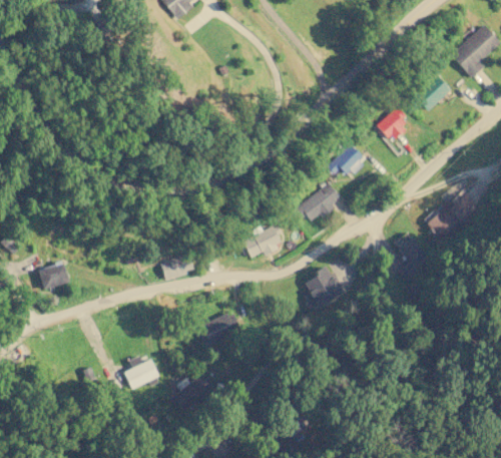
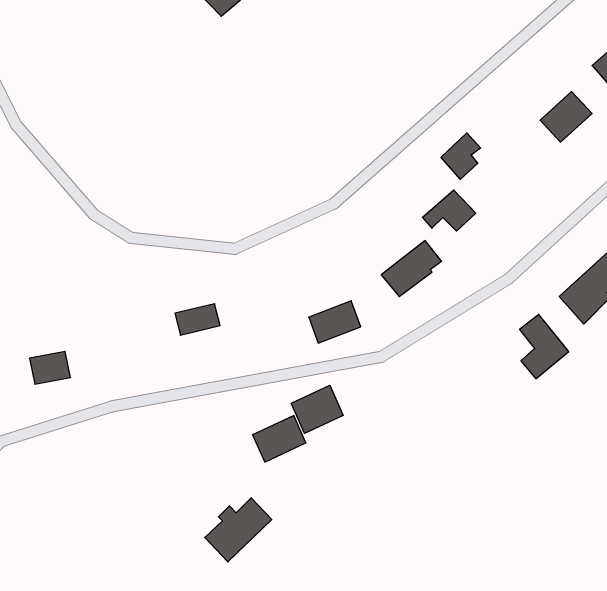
building: [378,106,407,140] -> [441,133,481,179]
building: [161,255,194,278] -> [175,304,220,335]
building: [304,268,345,310] -> none
building: none -> [291,385,343,433]
building: [124,355,159,388] -> none

